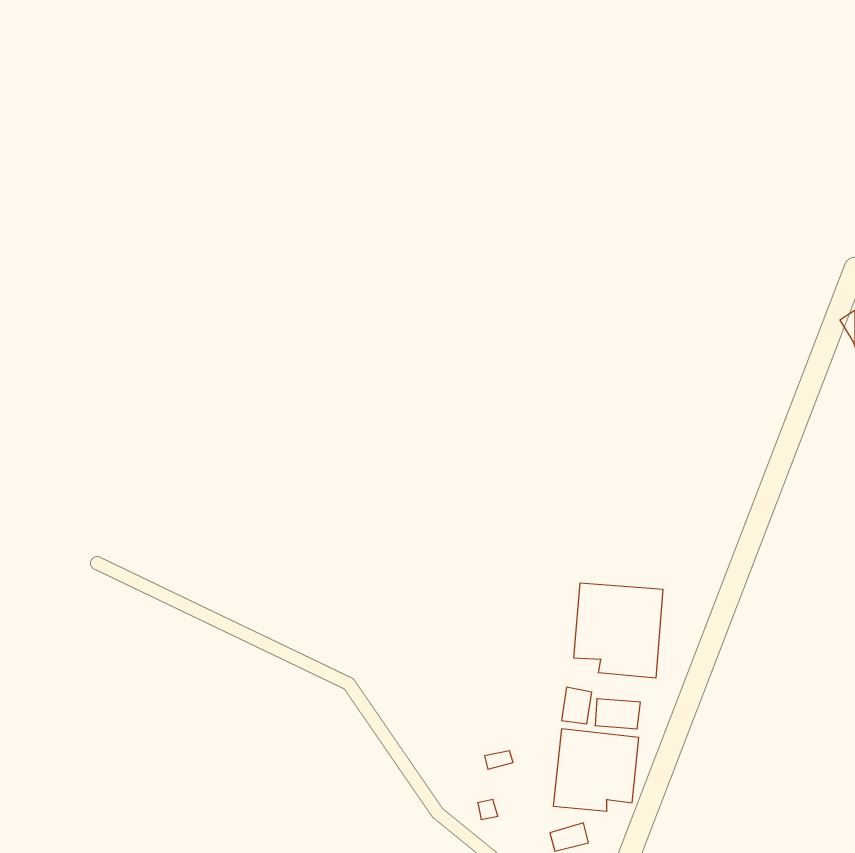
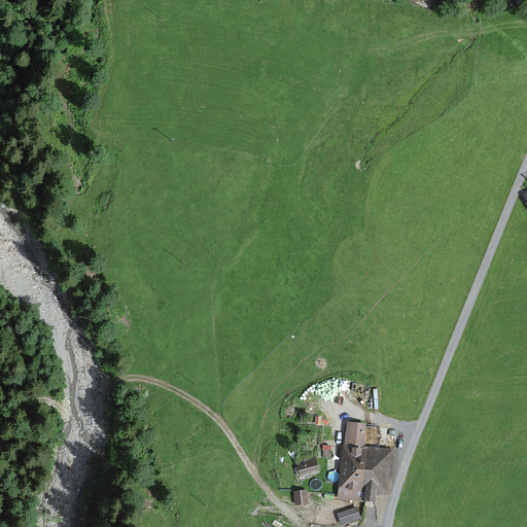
building: [574,583,663,678] -> none

